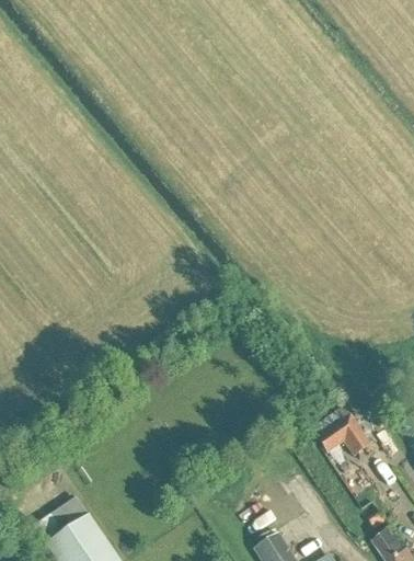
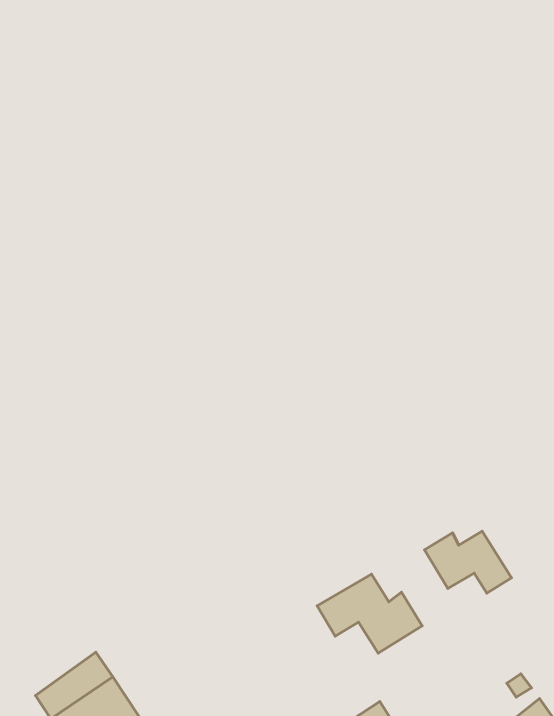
building: none -> [317,574,422,653]

